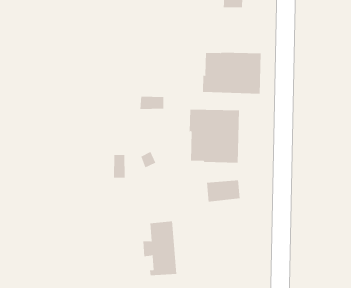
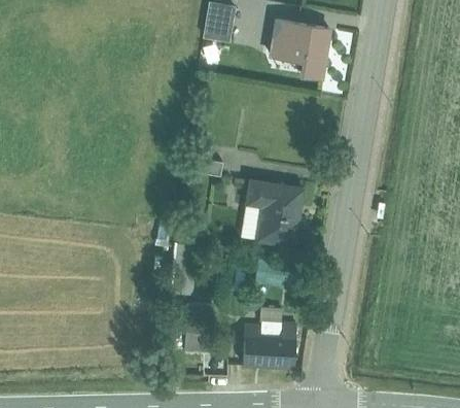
building: [202,52,261,94] -> none
building: none -> [244,324,295,368]

